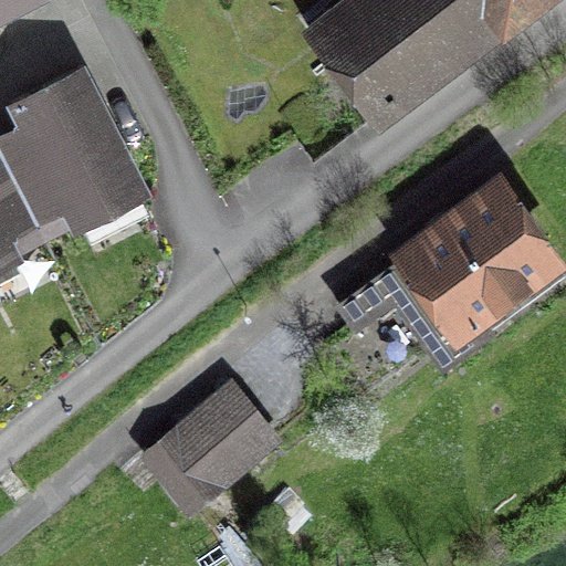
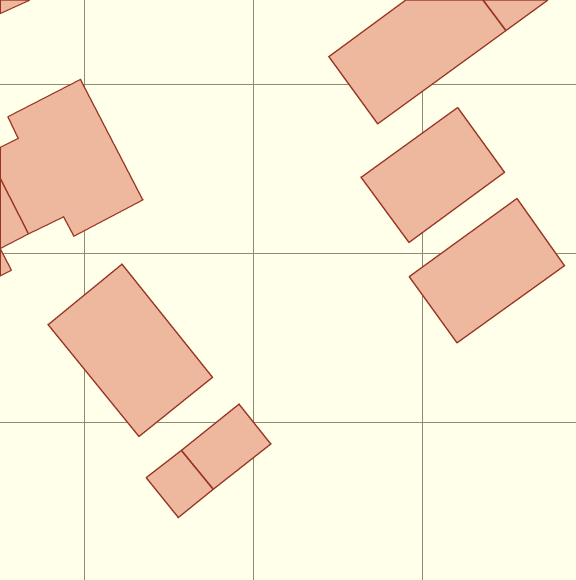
building: none -> [361,108,504,242]
building: none -> [48,264,212,436]

